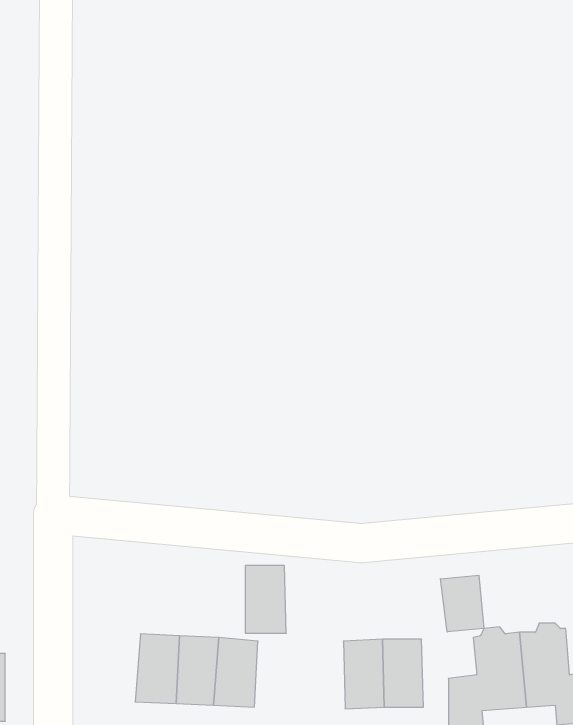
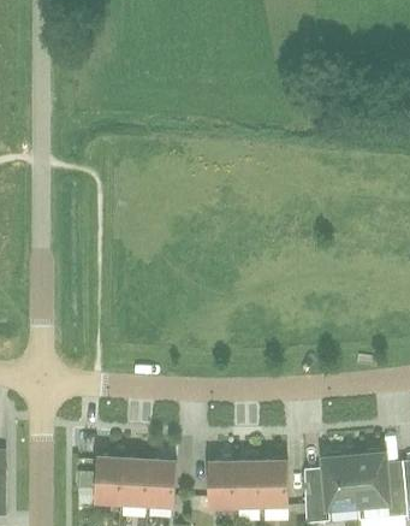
building: [245,566,286,633] -> [207,461,234,507]
building: [440,575,484,632] -> none

